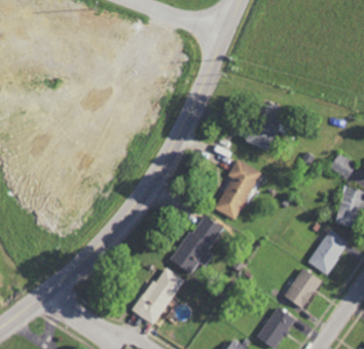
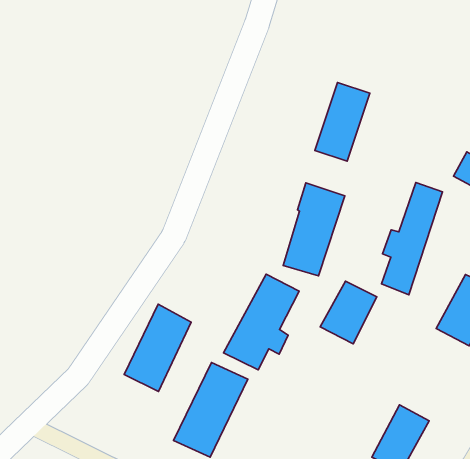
building: none -> [381,182,443,295]
building: none -> [124,304,191,392]
building: [283,269,321,309] -> [320,281,377,344]

